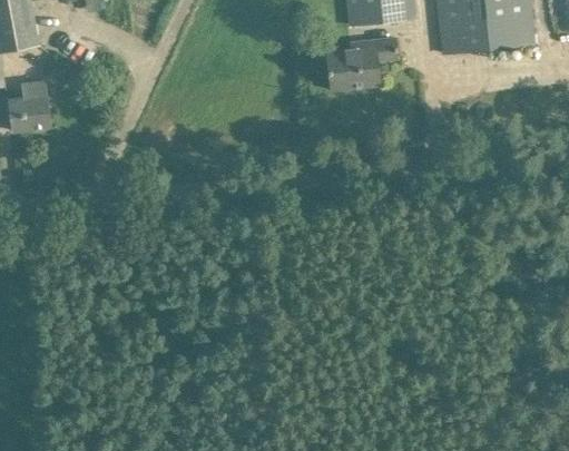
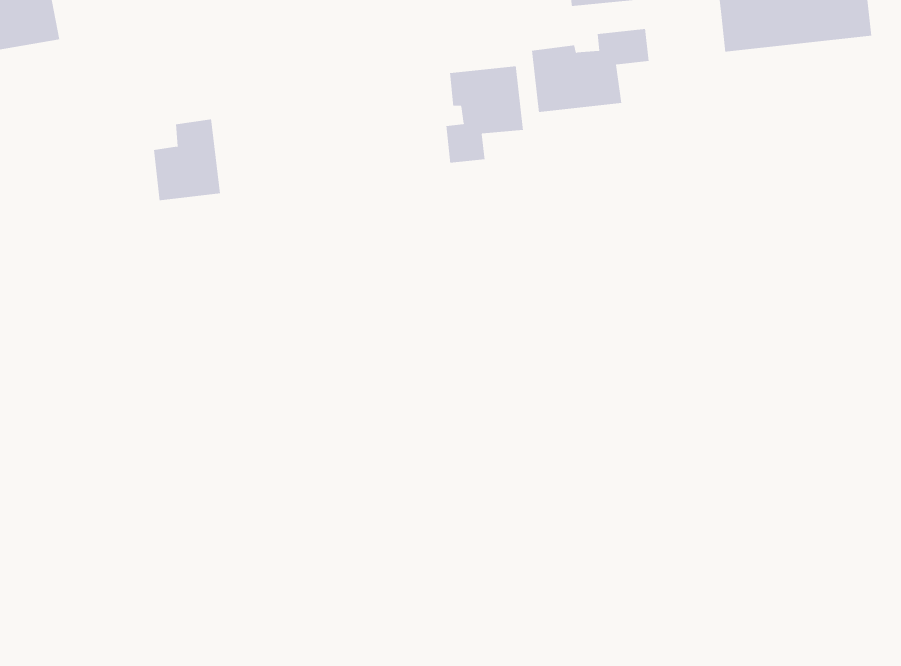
building: none -> [446,65,523,164]
building: [9,80,50,130] -> [153,119,221,201]

